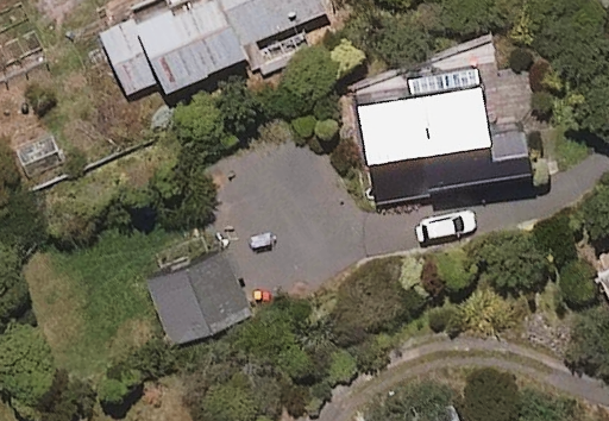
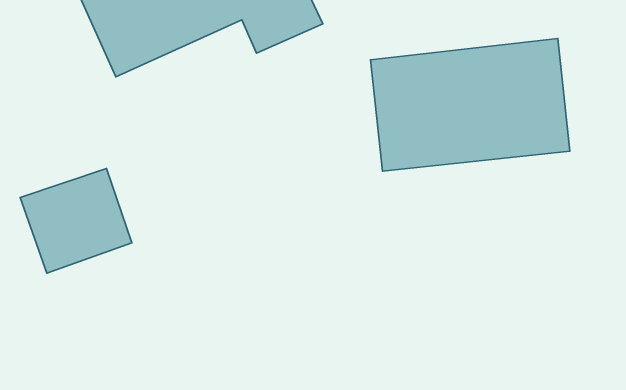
building: [146,258,246,352] -> [20,168,132,273]

